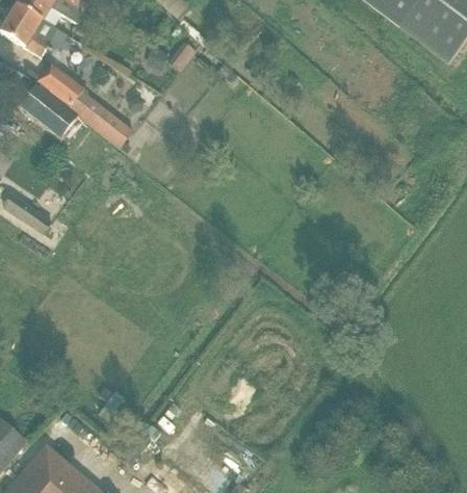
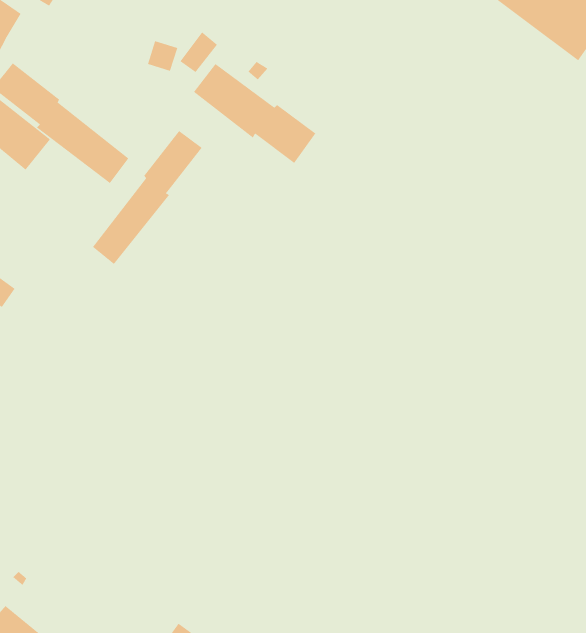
building: none -> [193,63,316,164]
building: none -> [92,130,202,265]

